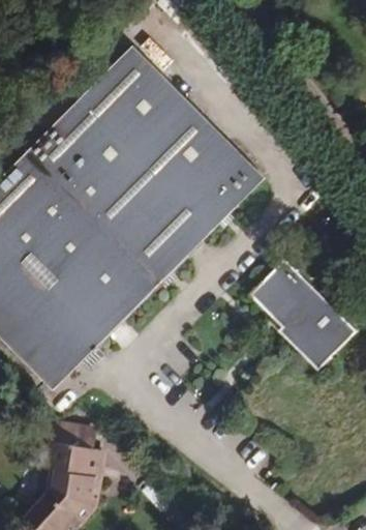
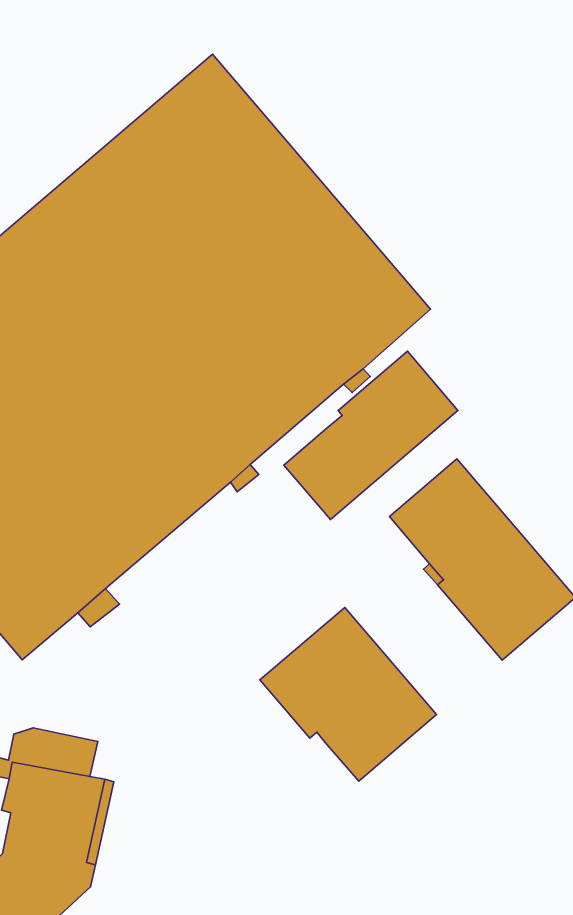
building: none -> [284,351,458,519]
building: none -> [260,607,437,781]

